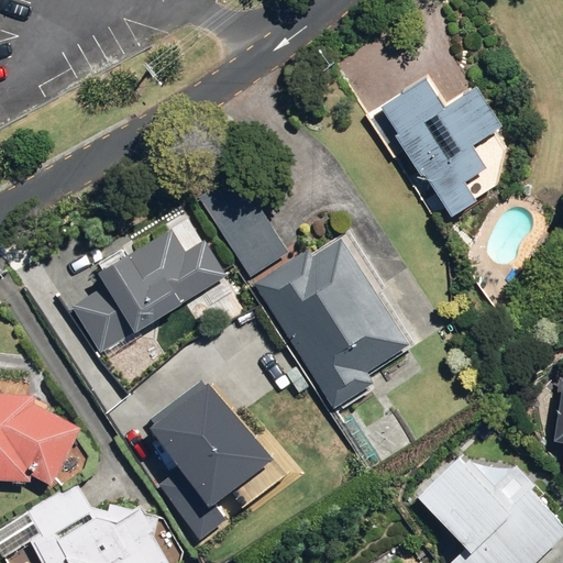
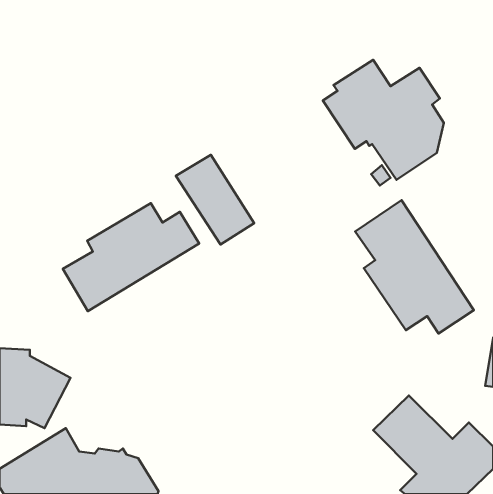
building: none -> [355,200,474,333]
building: [254,238,409,407] -> none
building: [148,379,273,541] -> none

